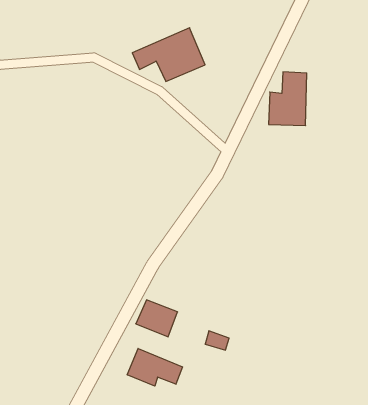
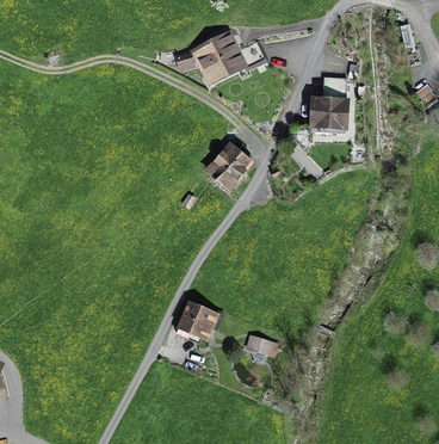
building: none -> [206,141,252,189]
building: [127,348,183,386] -> none

